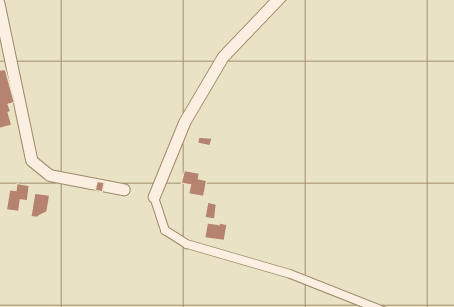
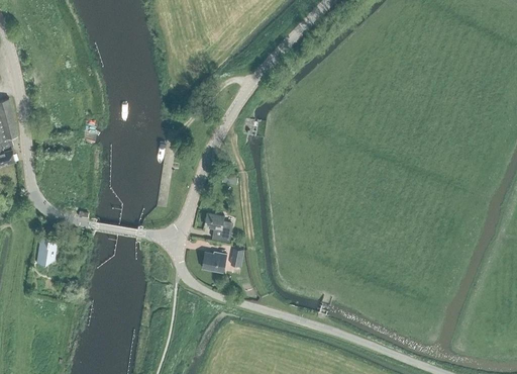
building: [7,184,29,212] -> none
building: [205,223,227,240] -> [200,252,225,271]

